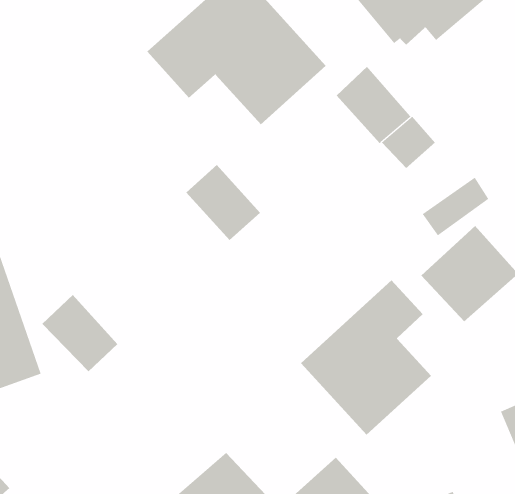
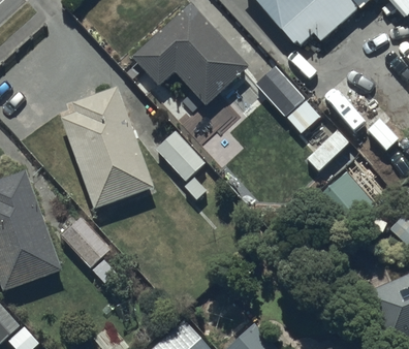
building: none -> [60,87,154,208]
building: [300,279,432,436] -> none

